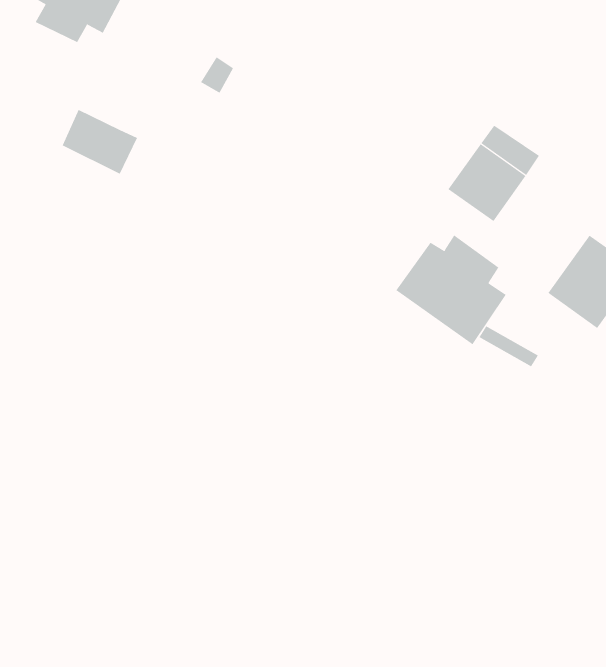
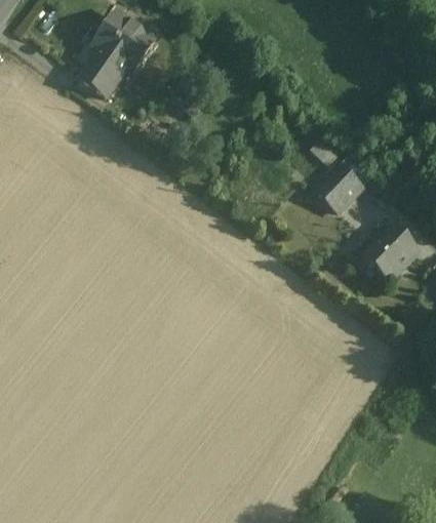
building: [62,109,138,175] -> [80,57,124,98]
building: [396,234,507,345] -> none

